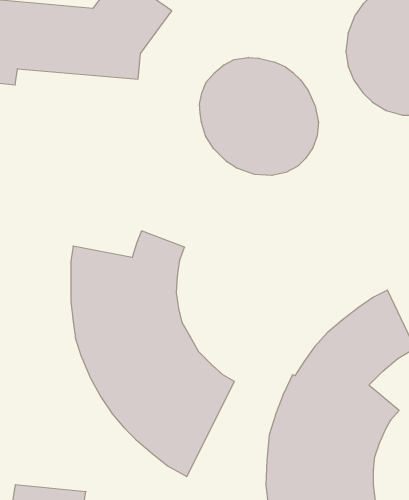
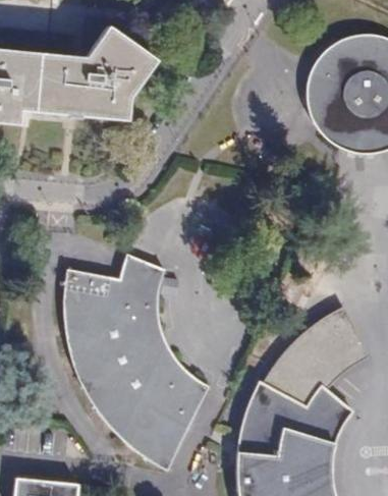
building: [199,57,318,176] -> none

